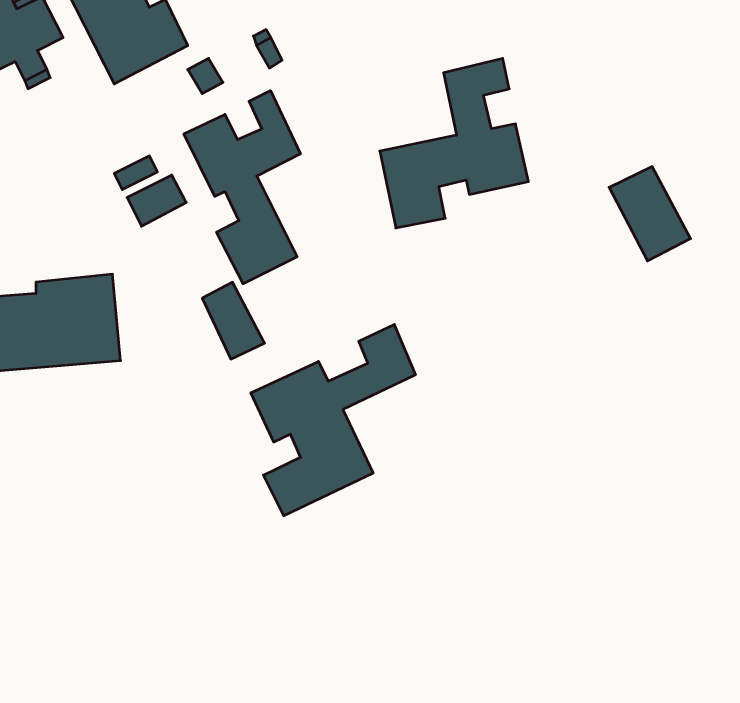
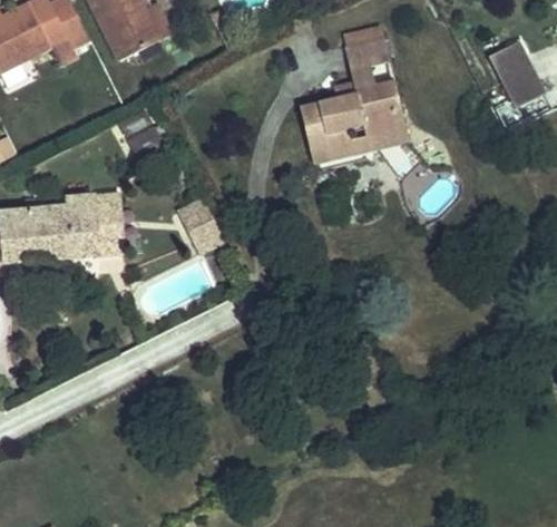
building: [184,91,300,284] -> none
building: [609,167,691,261] -> [486,41,543,107]
building: [251,324,415,516] -> none

